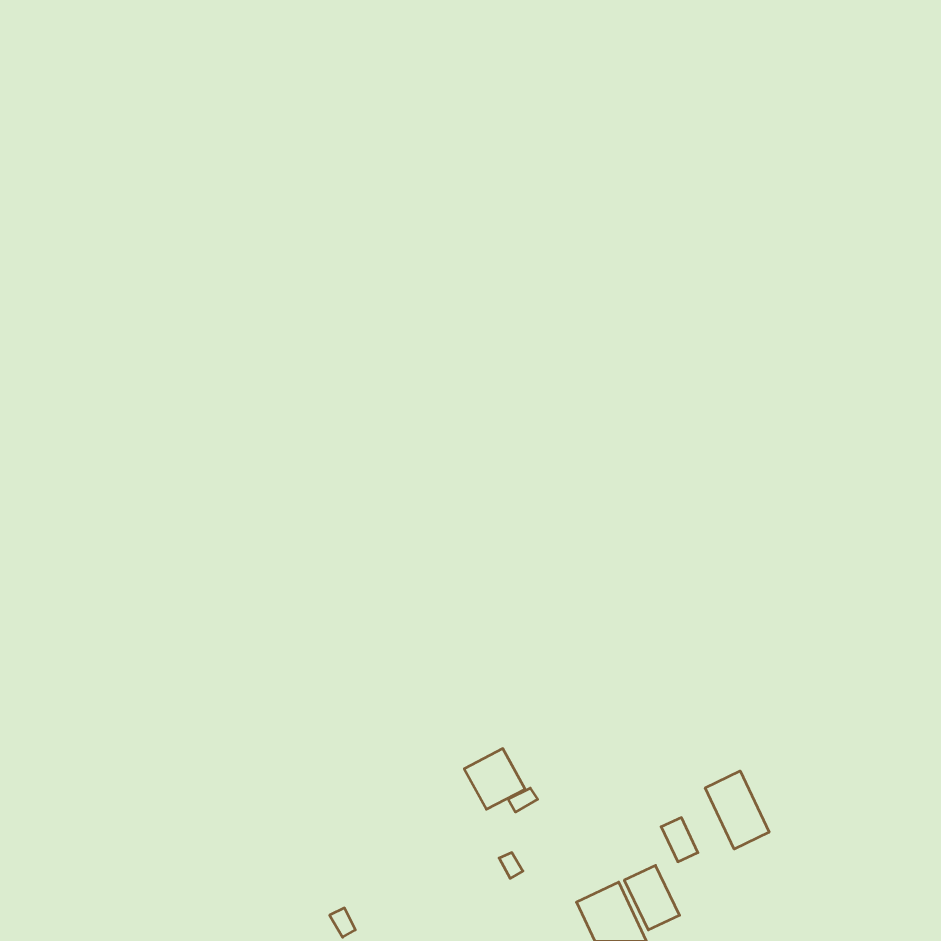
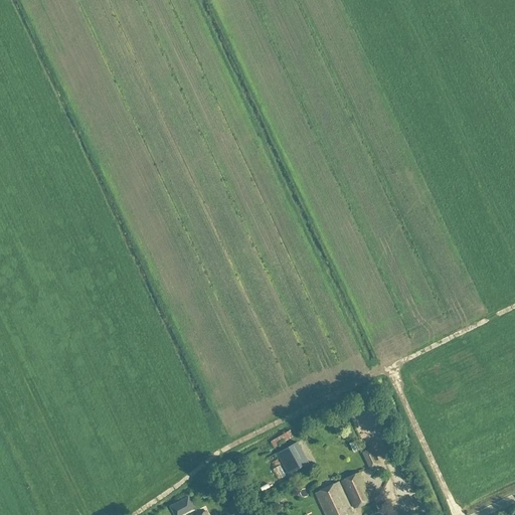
building: [464,749,525,809] -> [276,442,309,475]
building: [705,771,769,849] -> none

